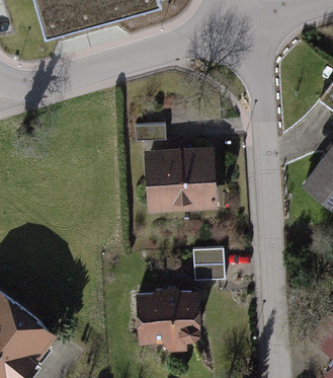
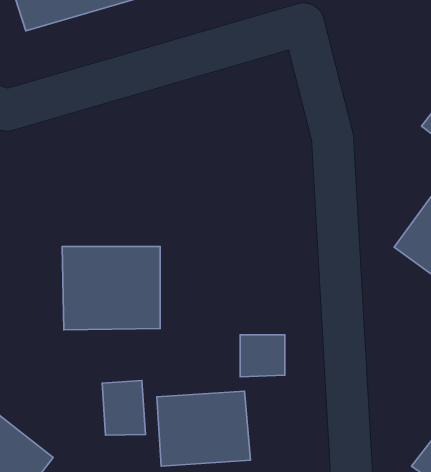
building: [149,150,218,209] -> [62,246,160,330]
building: none -> [102,381,145,435]

